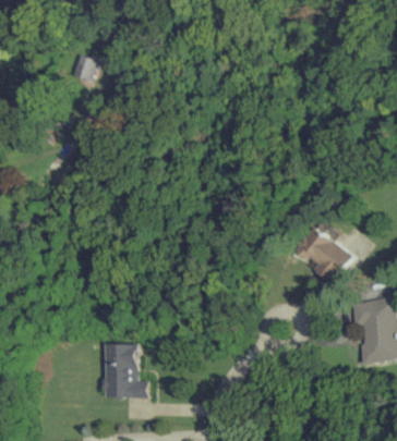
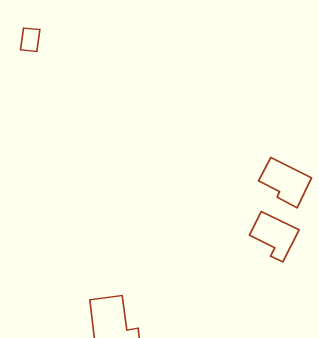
building: none -> [249,211,299,262]

